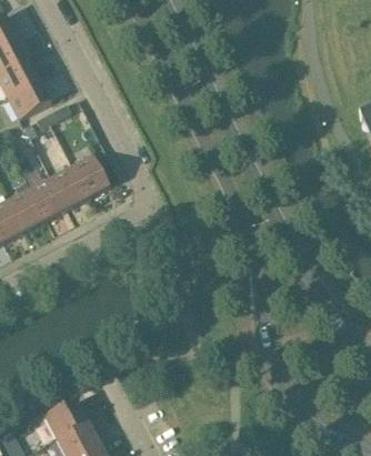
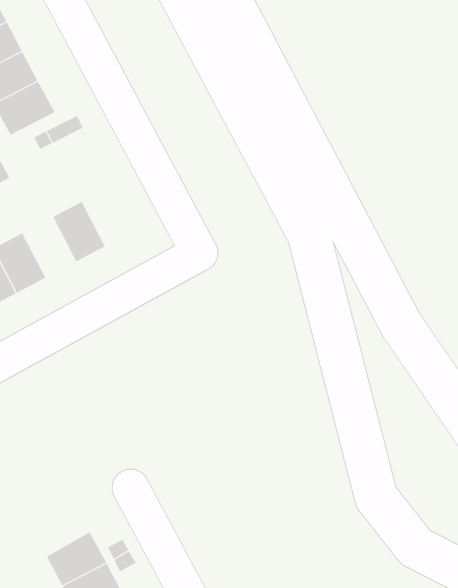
building: [70,151,109,194] -> none
building: [28,173,66,216] -> none

